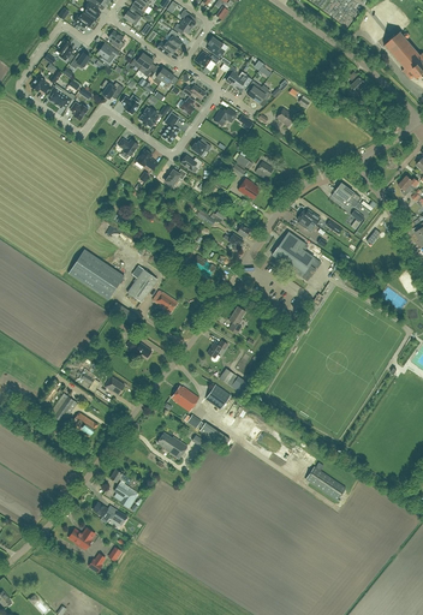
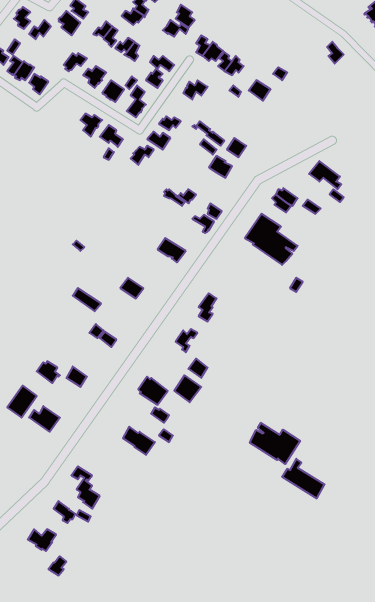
building: [68,247,125,299] -> none
building: [126,267,157,301] -> none
building: none -> [250,423,300,464]

